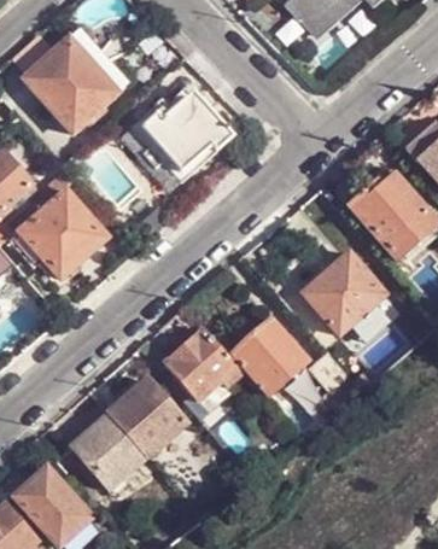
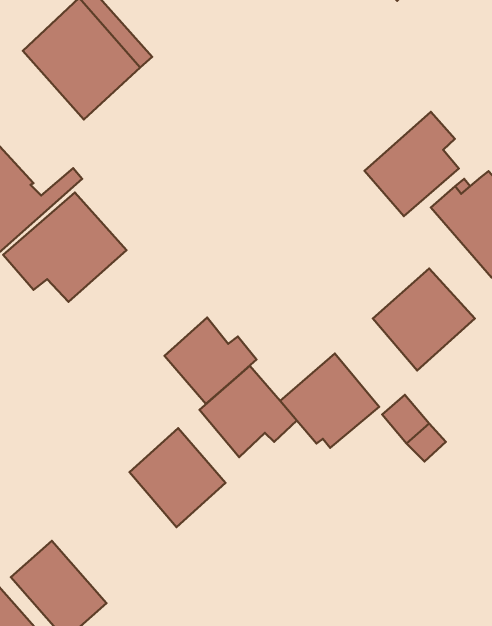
building: [136,81,229,170] -> none
building: none -> [365,112,459,216]
building: none -> [164,317,257,404]
building: [71,413,146,489] -> none

